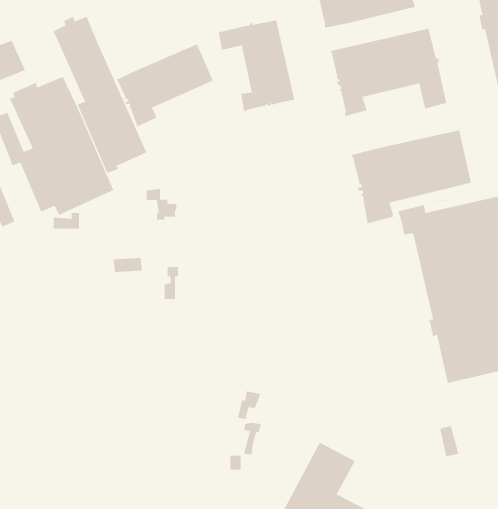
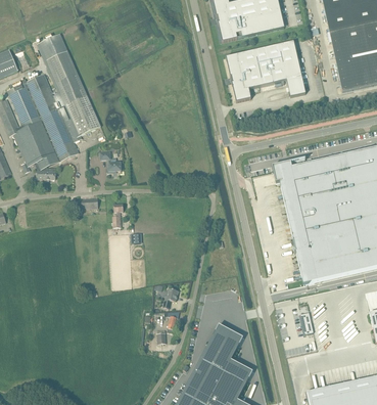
building: [218,19,295,112] -> none
building: [116,44,213,127] -> none
building: [351,129,472,224] -> none

